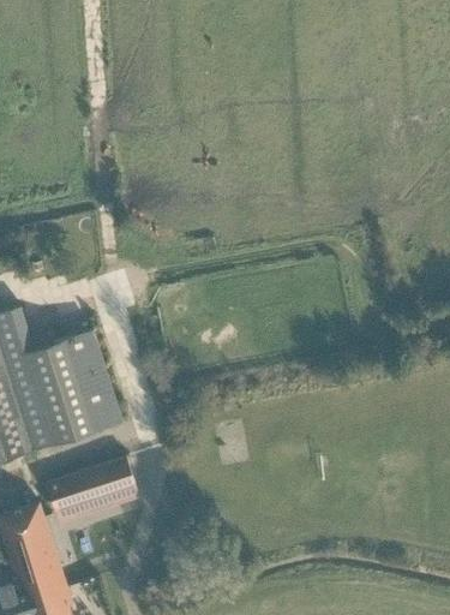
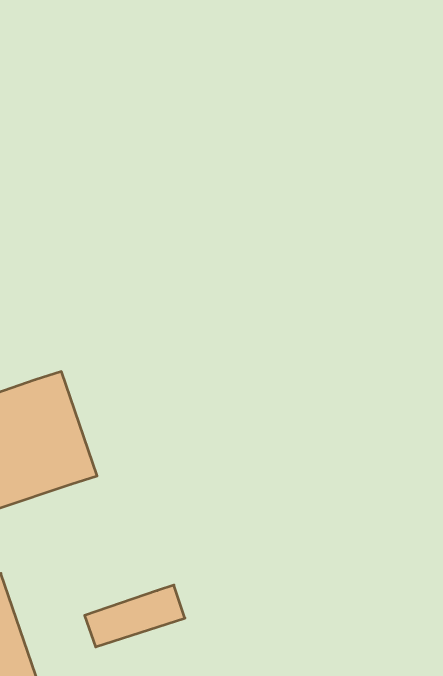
building: [48,461,136,515] -> [85,585,185,647]

